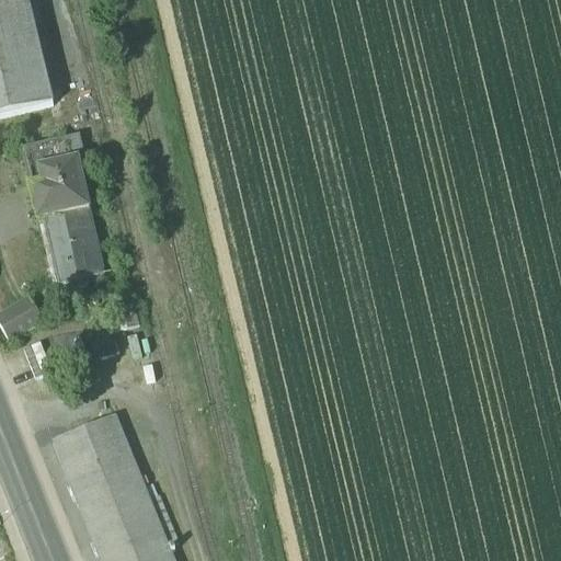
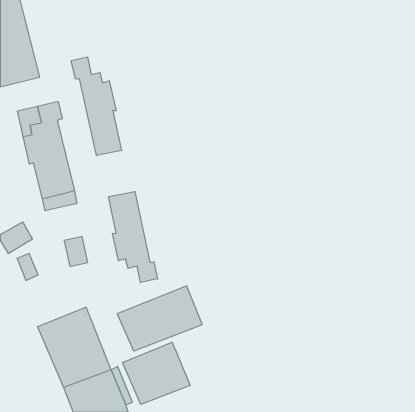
building: none -> [71,57,121,156]
building: none -> [109,191,158,283]
building: none -> [117,286,202,351]
building: none -> [123,342,190,404]

